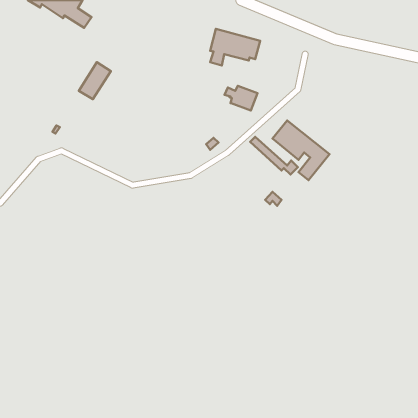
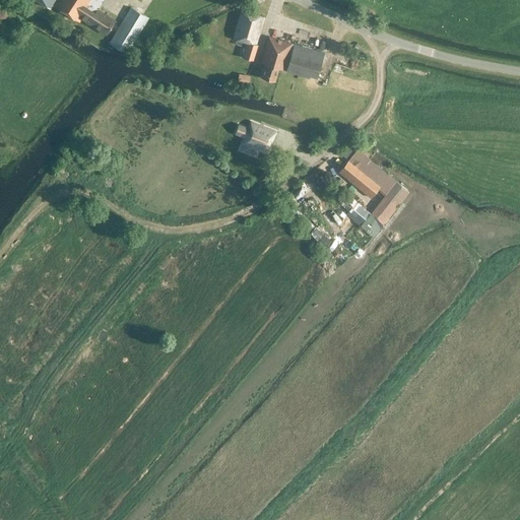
building: none -> [234,13,263,63]
building: [79,62,111,99] -> [108,9,147,55]
building: [225,86,257,110] -> [235,123,275,153]

